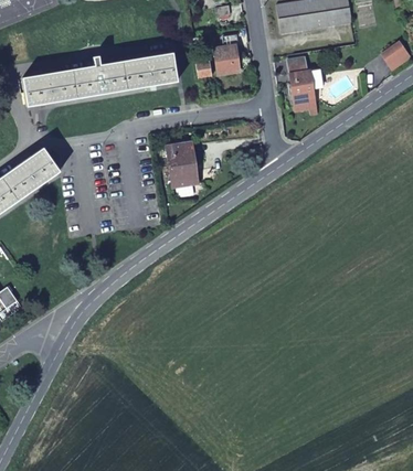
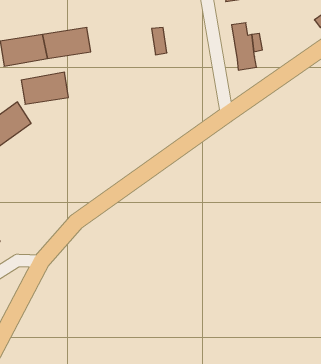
building: [215,45,240,74] -> none
building: [123,54,177,90] -> [21,72,68,104]
building: [168,142,197,186] -> none

